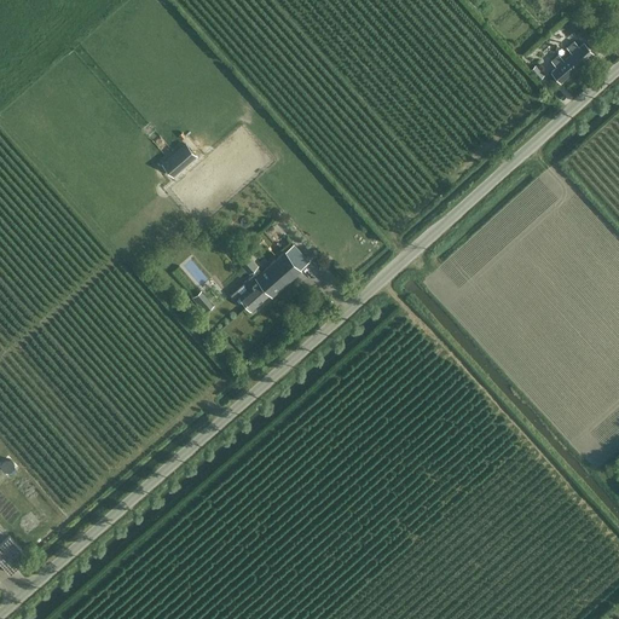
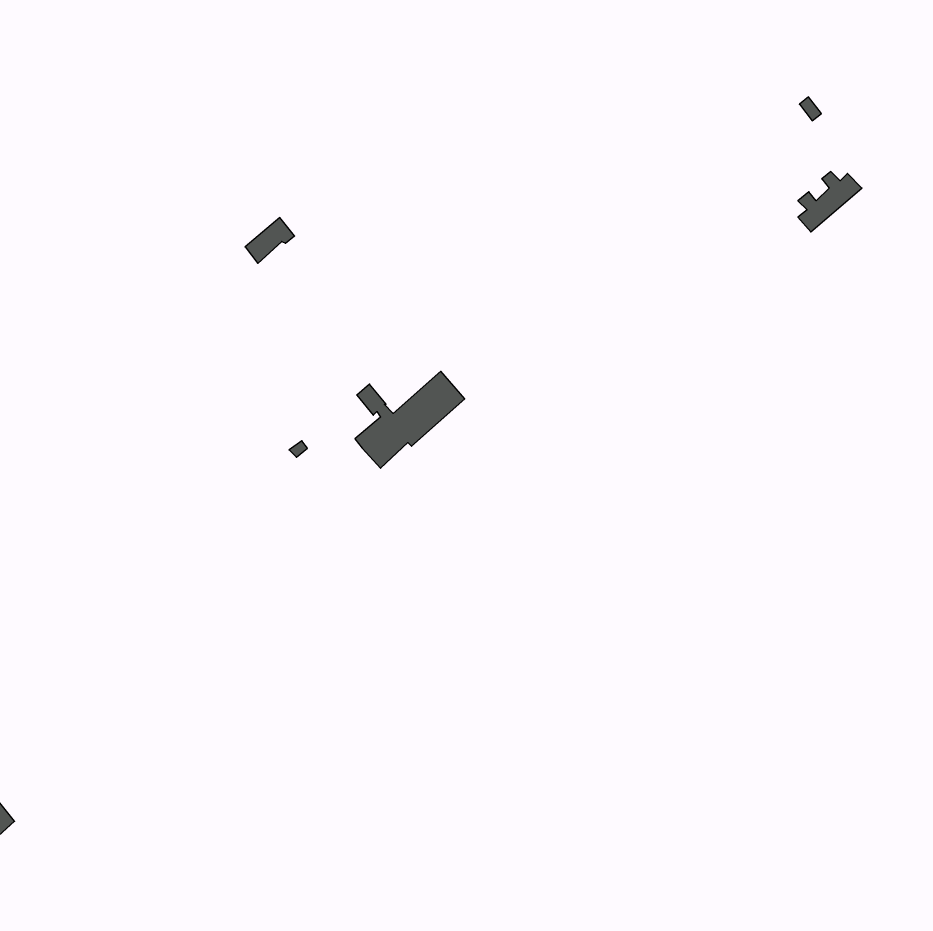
building: [550,44,592,83] -> [798,172,862,232]

